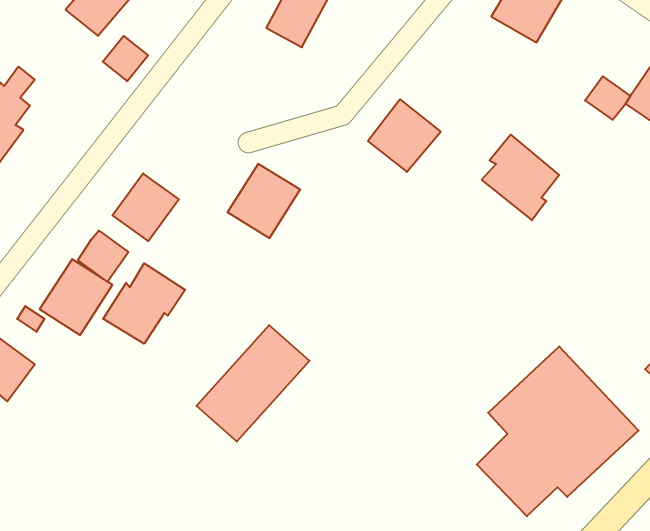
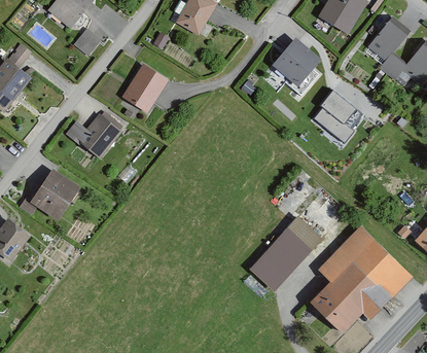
building: none -> [371,19,405,57]
building: [368,99,441,172] -> [273,37,319,83]
building: [227,164,300,238] -> [121,64,168,111]
building: [78,231,128,282] -> none
building: [103,263,185,344] -> none
building: [196,325,310,442] -> [249,215,321,289]

